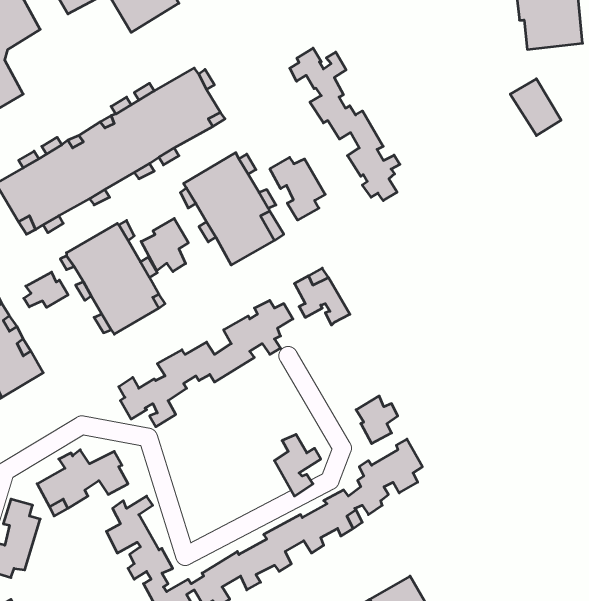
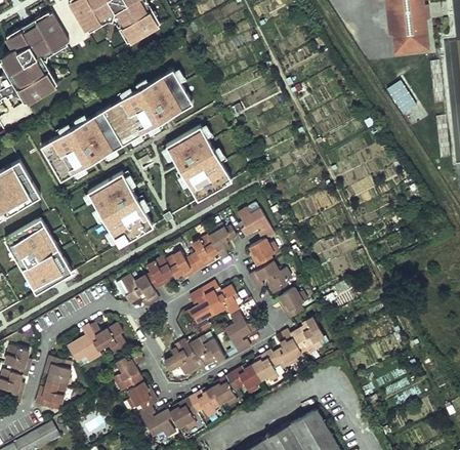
building: [290,48,400,201] -> none
building: [270,157,325,220] -> none
building: [141,218,188,272] -> none
building: [24,272,68,307] -> none
building: none -> [249,239,291,291]
building: none -> [184,282,239,330]
building: none -> [164,336,224,375]

